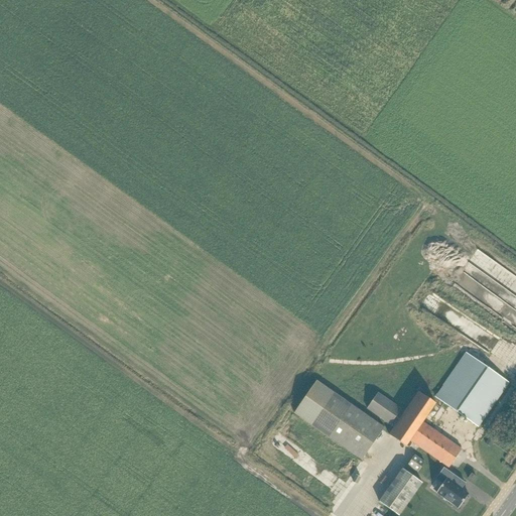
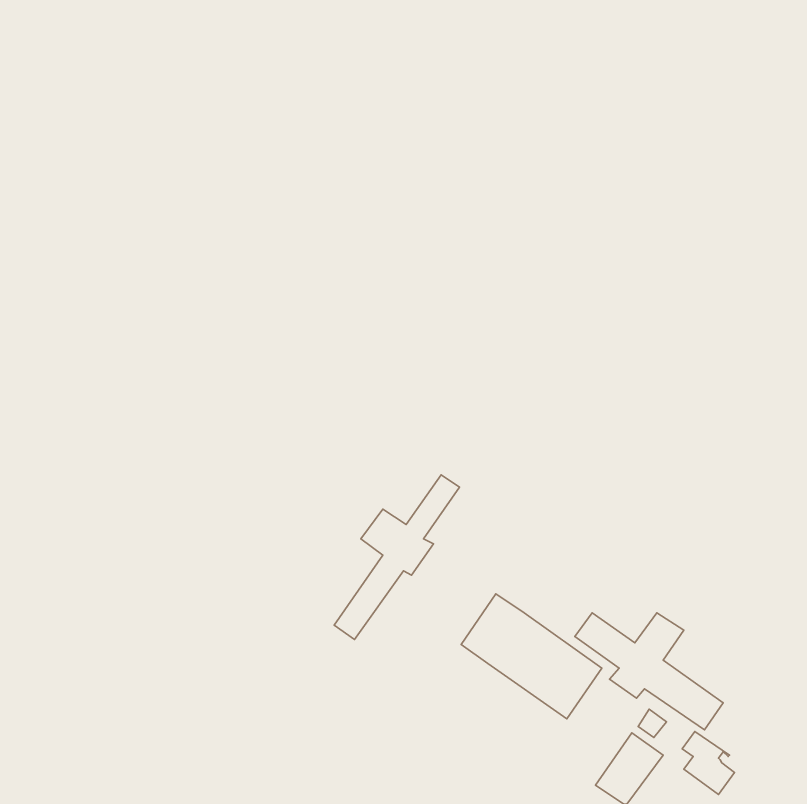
building: none -> [334,475,460,639]
building: [434,351,509,425] -> none

